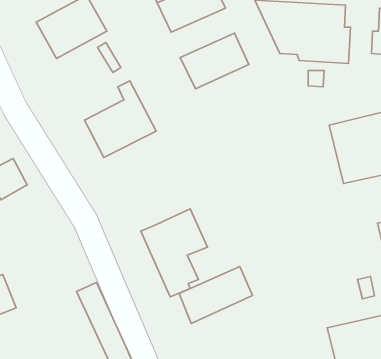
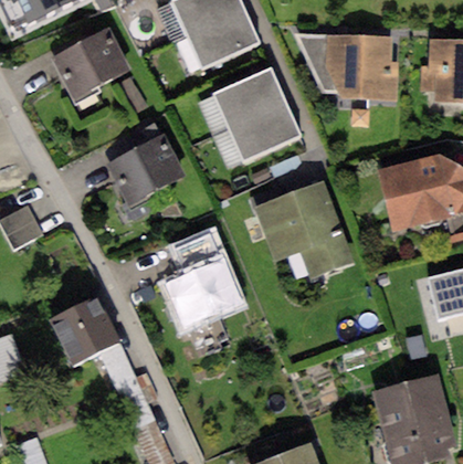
building: none -> [228,103,302,161]
building: none -> [254,183,350,276]
building: none -> [173,233,222,277]
building: none -> [50,297,119,365]
building: [179,267,253,323] -> none

